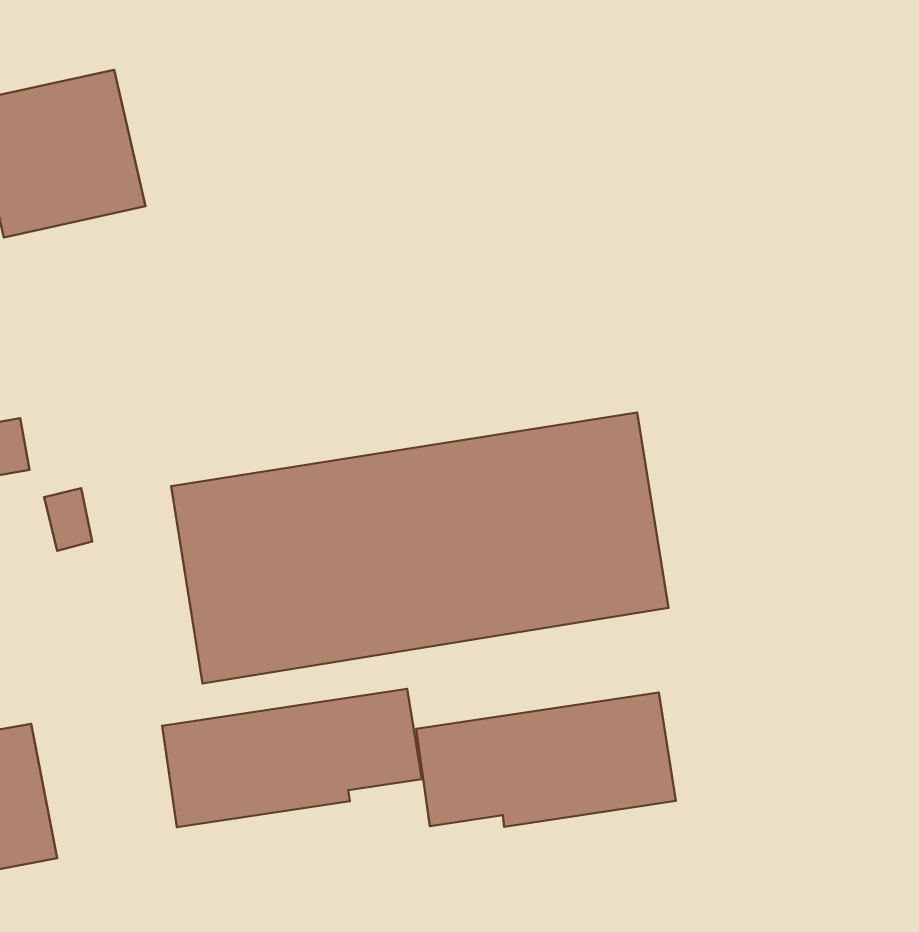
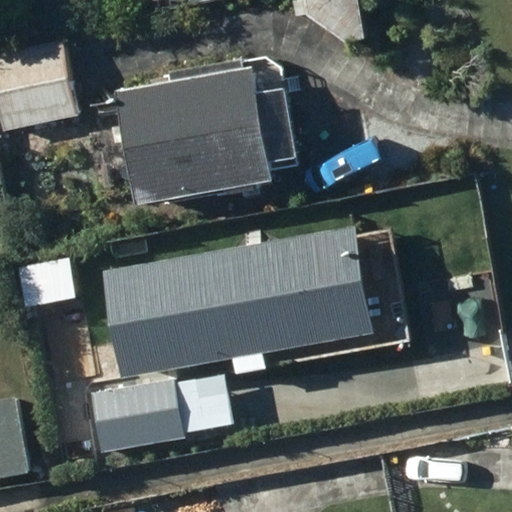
building: none -> [124,60,303,203]
building: [416,692,676,827] -> none

